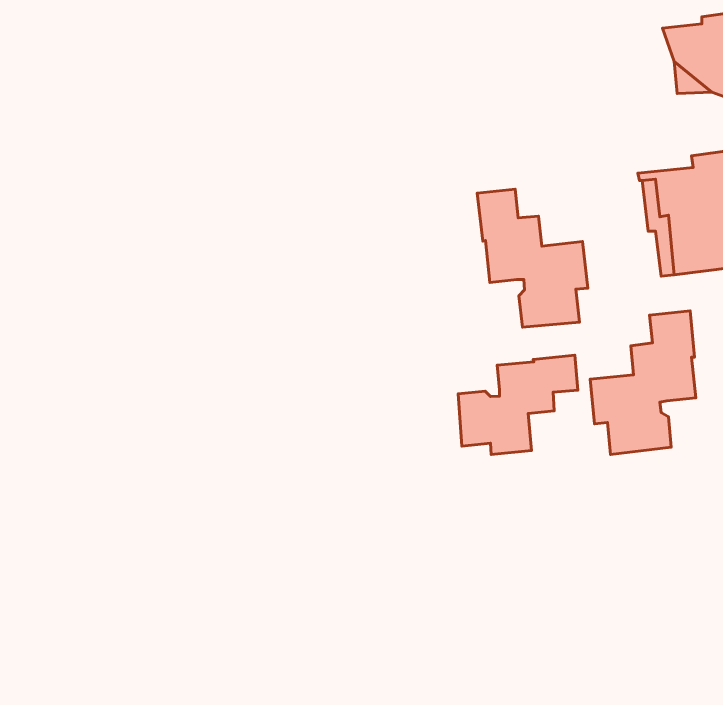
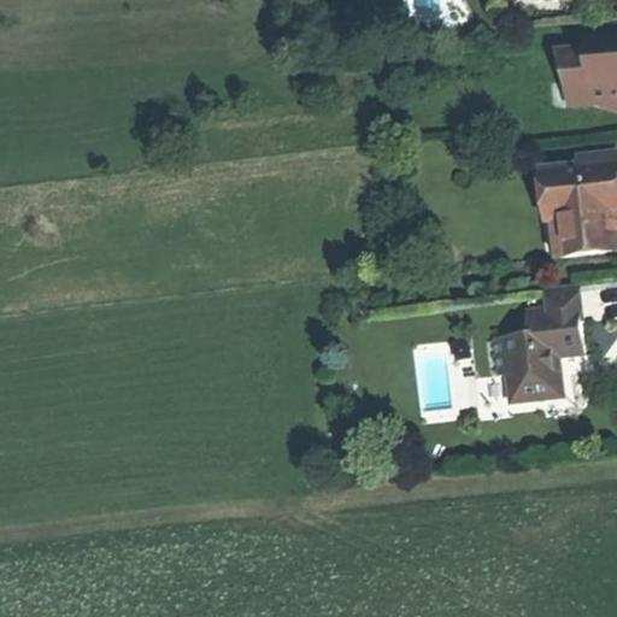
building: [477,189,588,327] -> none
building: [458,355,578,454] -> none

